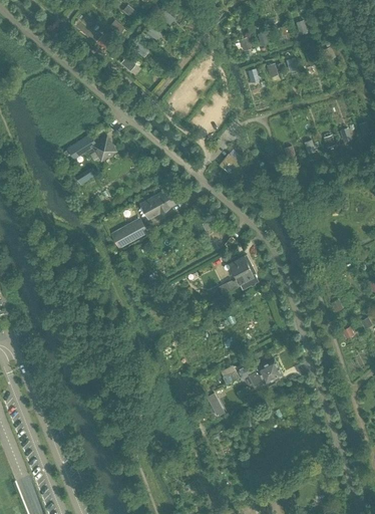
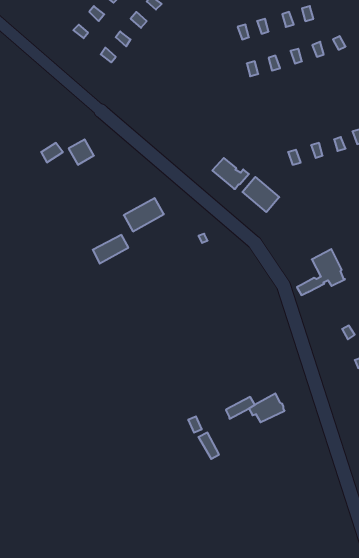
building: none -> [242,177,279,212]
building: [213,257,255,297] -> [297,249,345,295]

